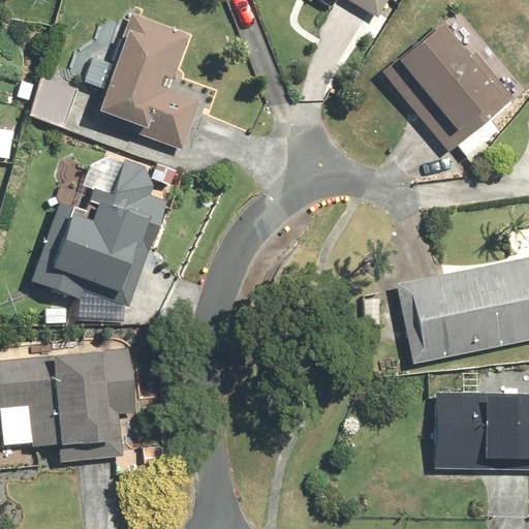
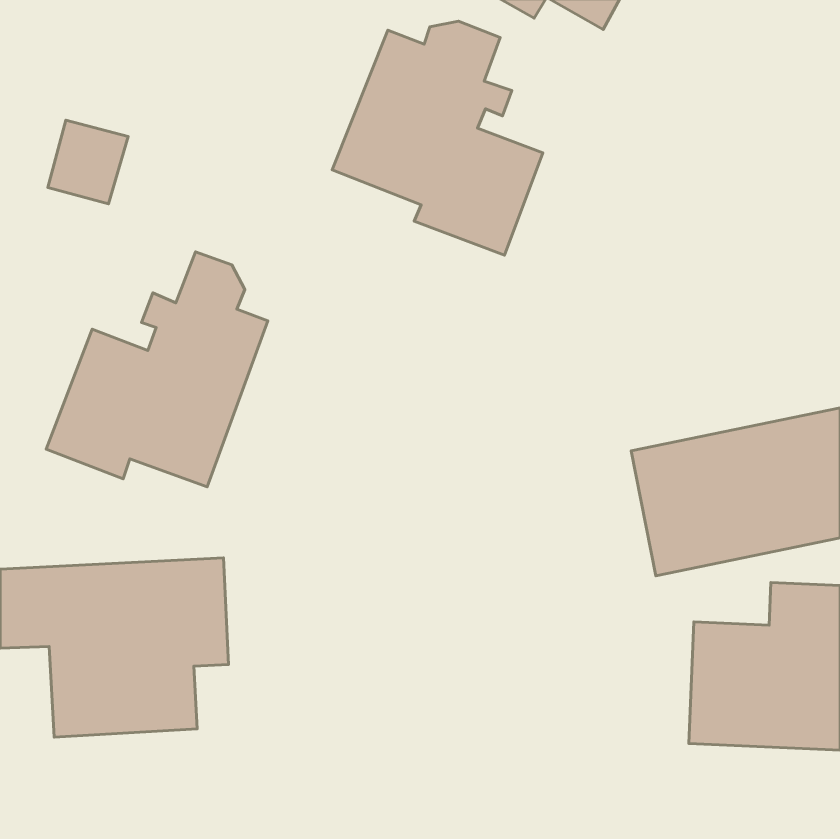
building: none -> [332,21,543,255]
building: [98,13,201,148] -> none
building: [382,25,514,157] -> none

